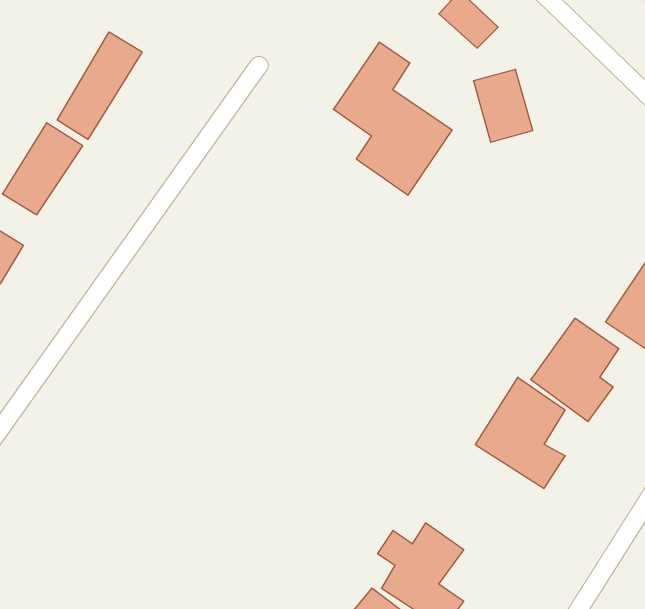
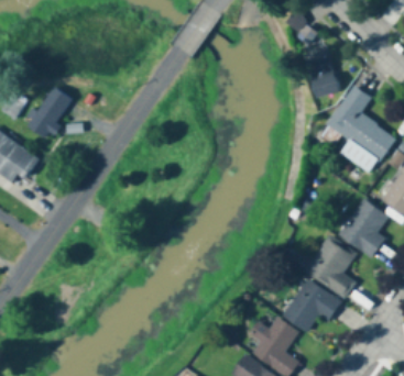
building: [57,32,142,139] -> none
building: [333,42,452,195] -> [326,86,394,174]
building: none -> [282,278,341,332]

